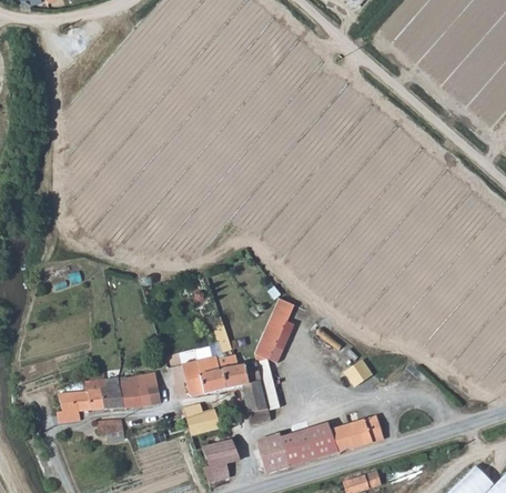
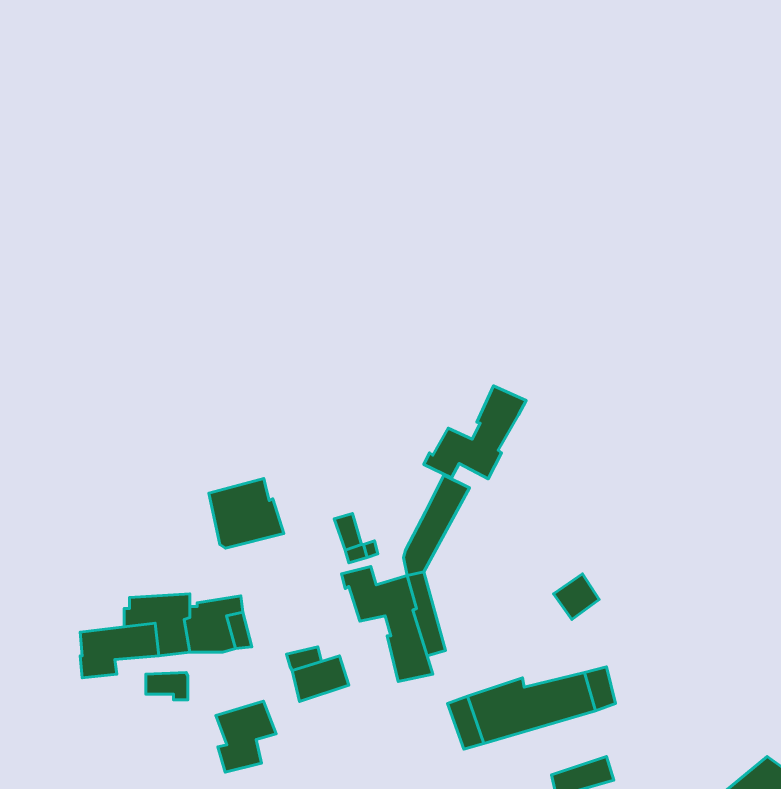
building: none -> [424,386,526,479]
building: [182,355,227,398] -> [209,479,284,548]
building: [256,435,291,474] -> none
building: [202,440,239,483] -> [216,701,276,772]

